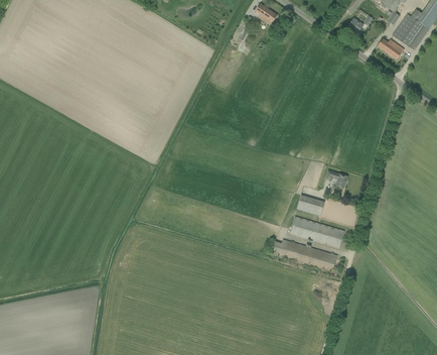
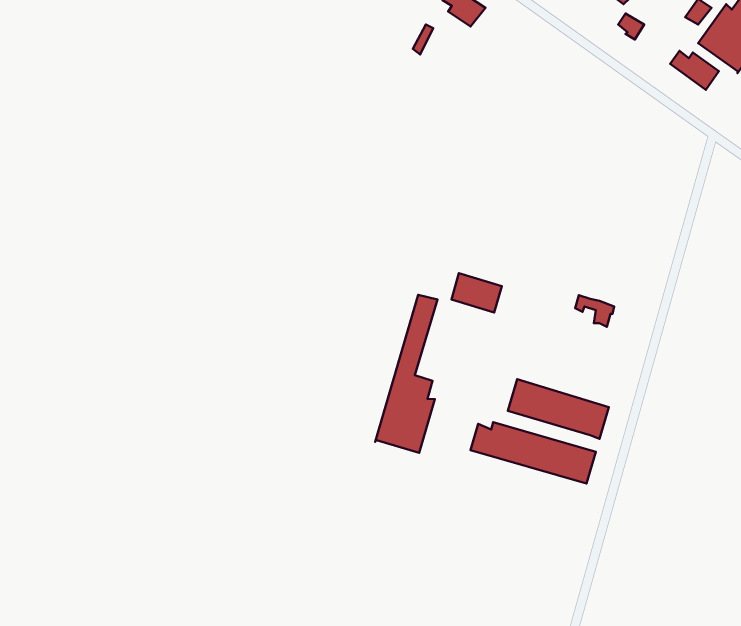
building: none -> [375,295,437,453]
building: [297,195,324,216] -> [451,273,502,312]

